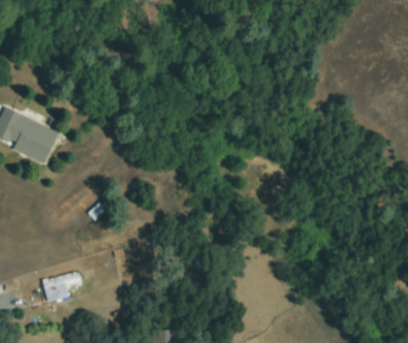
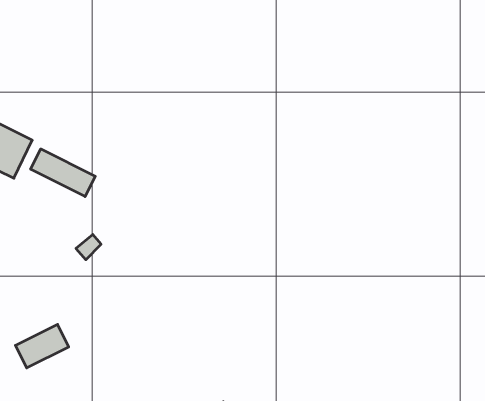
building: none -> [31,149,95,197]

